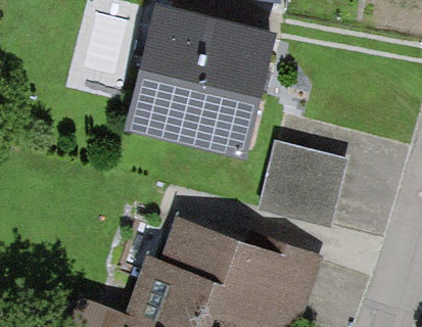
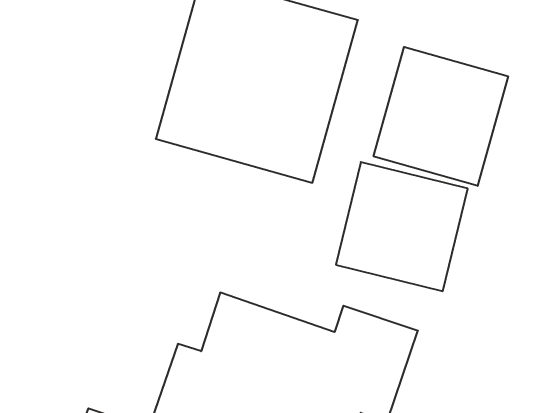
building: none -> [374,47,508,186]

